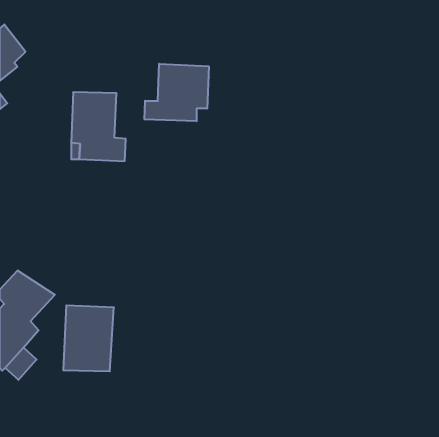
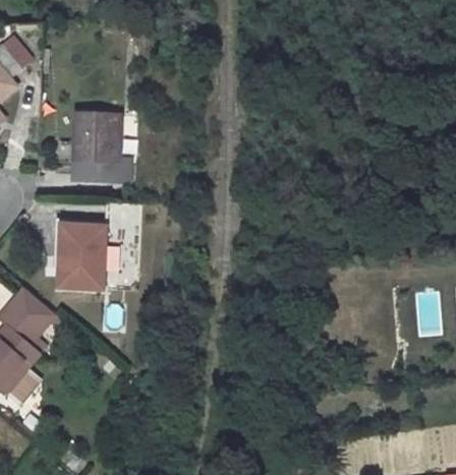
building: [145,64,209,121] -> none
building: [63,305,114,371] -> [57,221,108,287]

